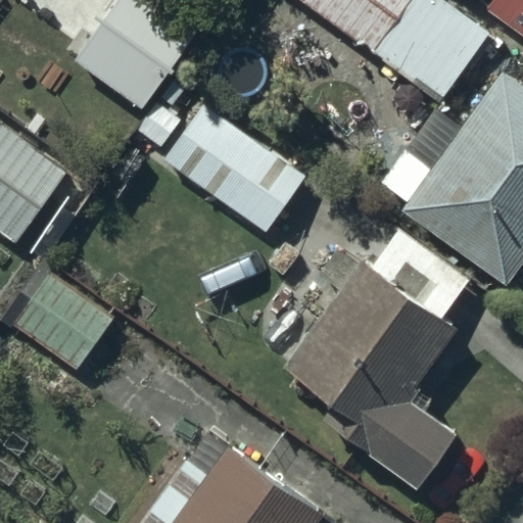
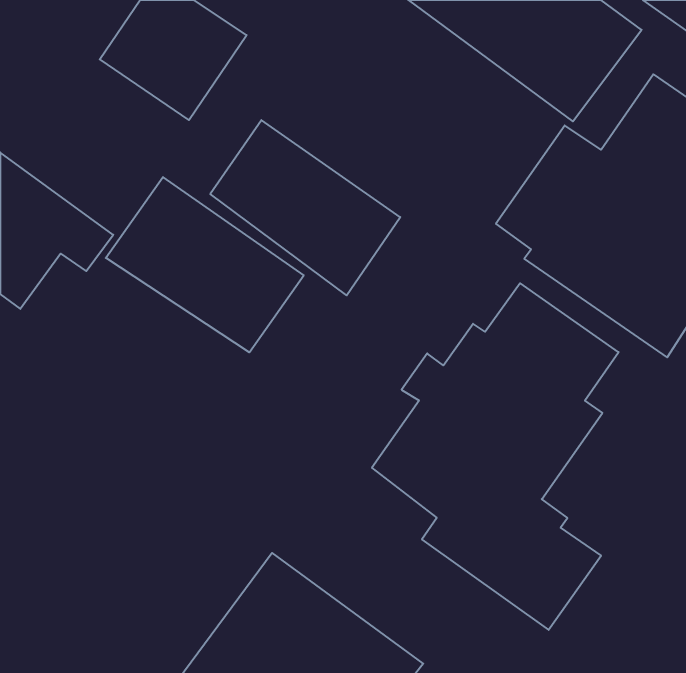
building: none -> [106,177,304,352]
building: [9,267,114,372] -> none

